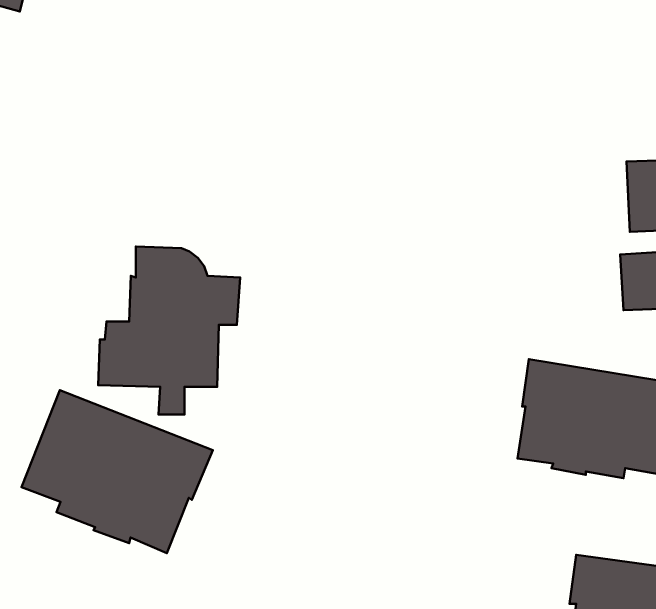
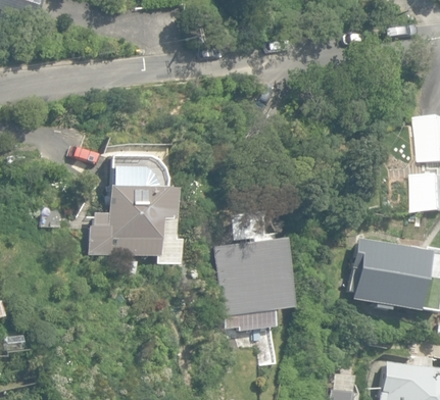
building: none -> [213,236,289,330]
building: [22,390,213,553] -> none

